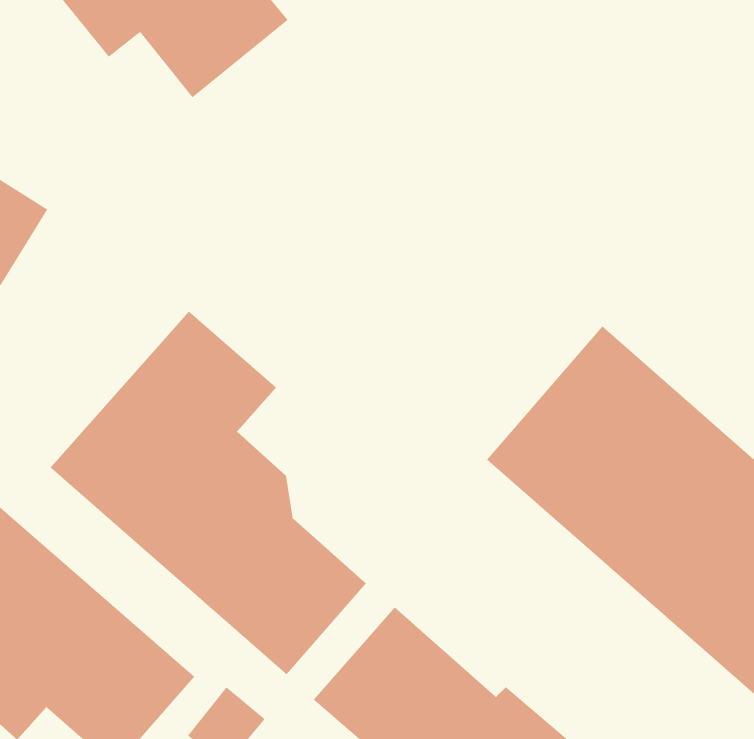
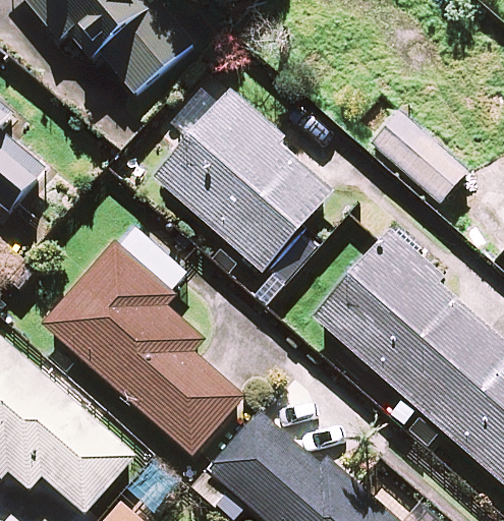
building: none -> [155,96,333,271]
building: none -> [372,110,466,199]

